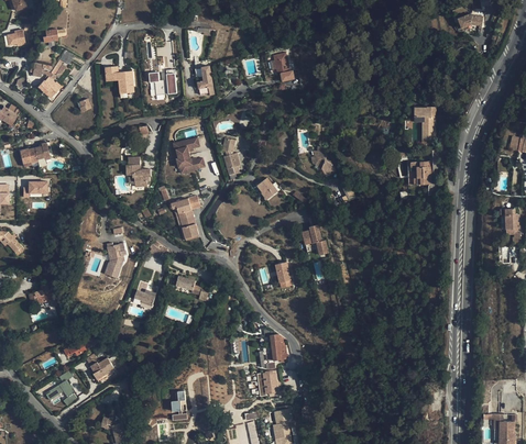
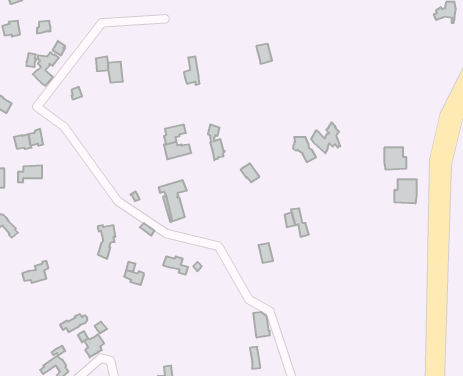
building: [147,69,176,95] -> none
building: [413,107,436,141] -> none
building: none -> [311,122,340,153]
building: [125,157,150,186] -> none
building: none -> [395,179,417,204]

